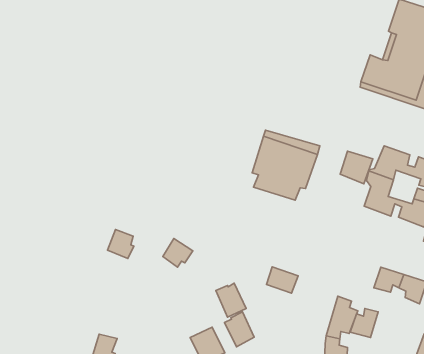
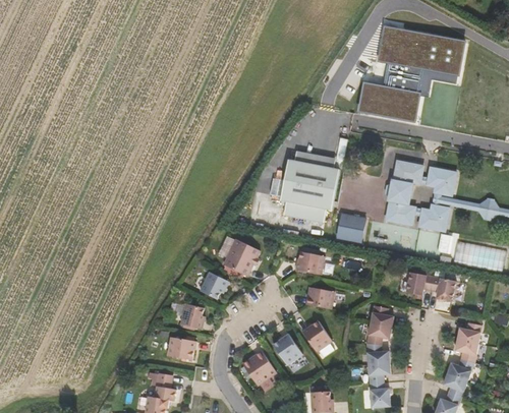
building: [340,151,373,184] -> [335,215,363,243]
building: none -> [226,241,262,278]
building: [107,230,134,258] -> [183,303,208,329]
building: none -> [295,253,325,277]
building: [216,283,246,317] -> [299,321,330,354]
building: none -> [164,336,192,359]
building: [350,309,378,338] -> none

